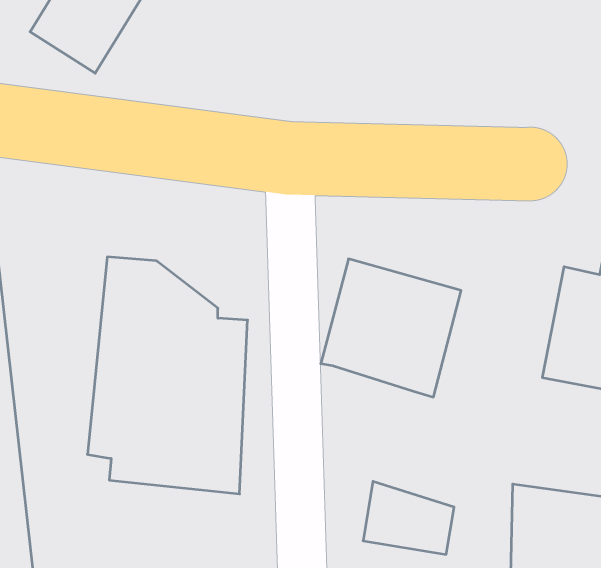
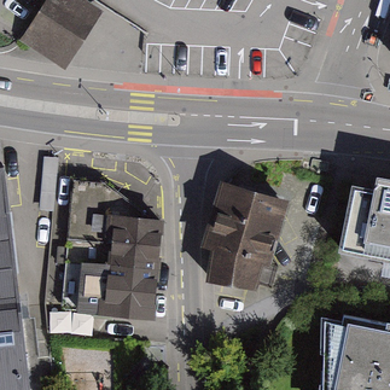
building: [363,481,454,554] -> [206,248,262,292]

